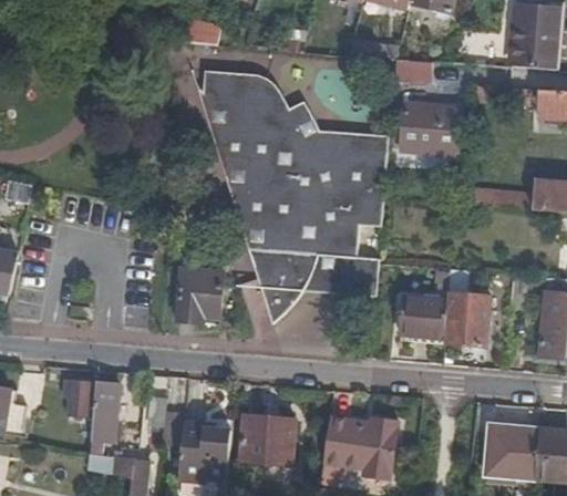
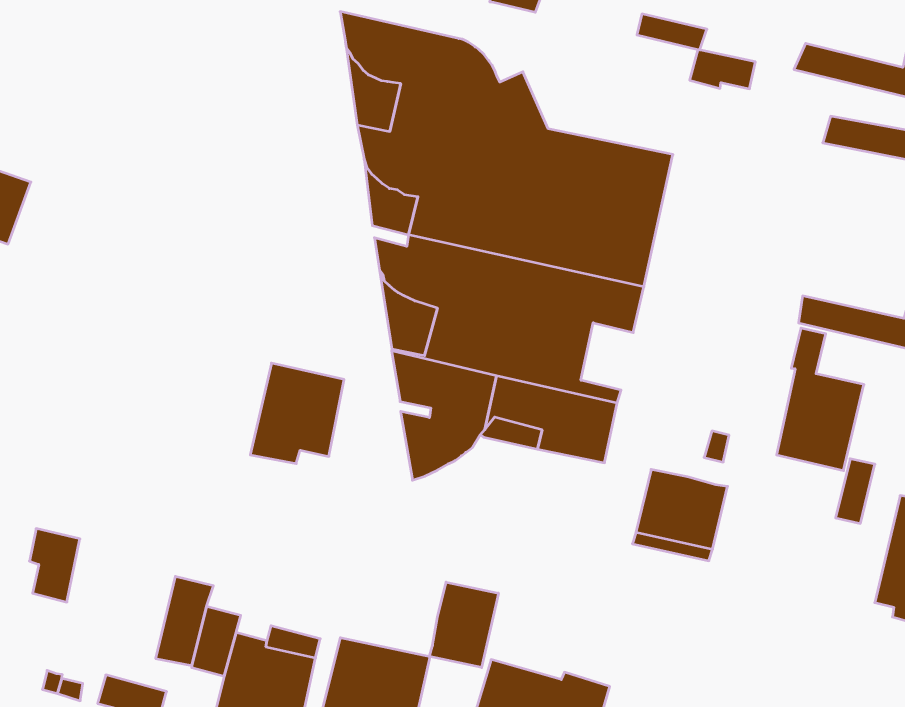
building: [401,104,460,154] -> none
building: [446,268,489,344] -> [777,328,864,471]
building: none -> [429,582,498,668]
building: [91,382,118,456] -> none

